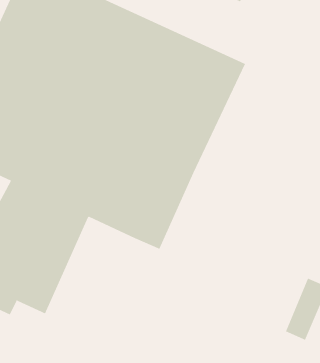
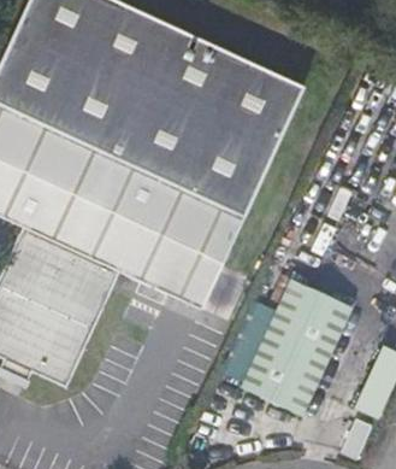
building: none -> [242,277,354,414]

